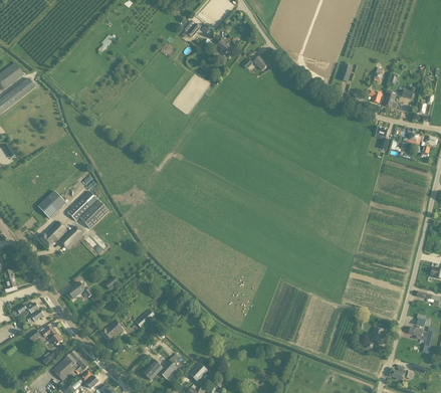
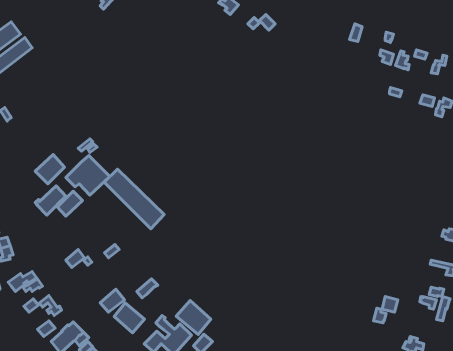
building: none -> [104,169,164,229]
building: none -> [176,301,211,335]
building: none -> [114,303,145,333]

